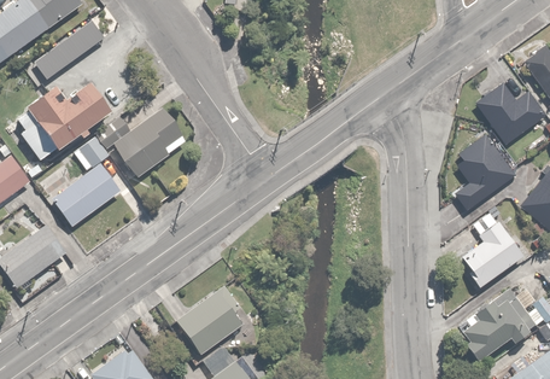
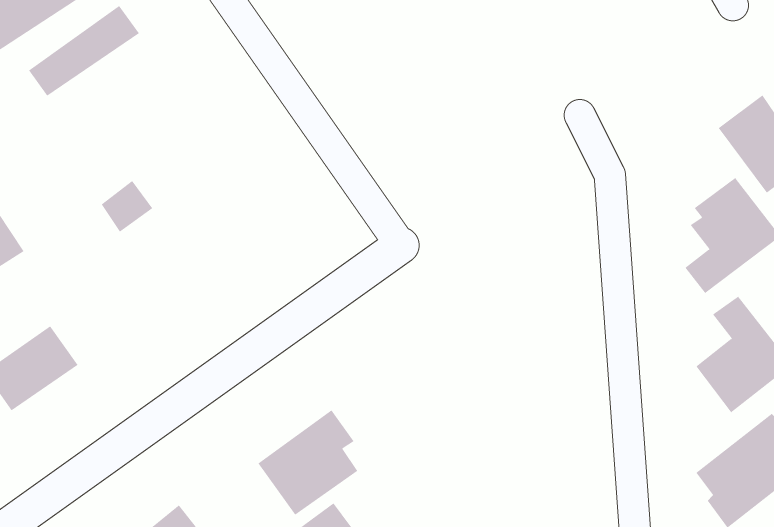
building: [17,88,105,157] -> none
building: [116,110,188,175] -> none
building: [54,164,122,225] -> none

